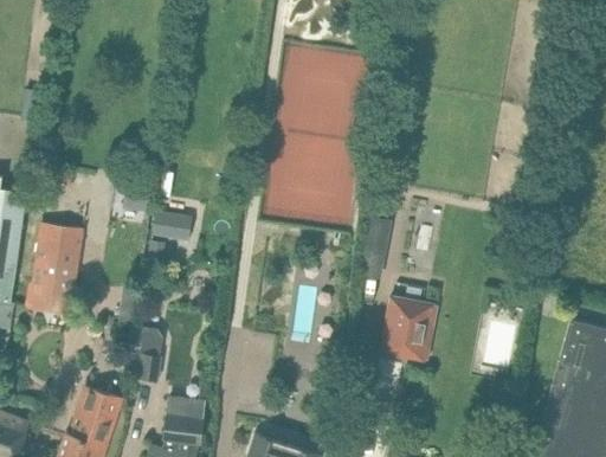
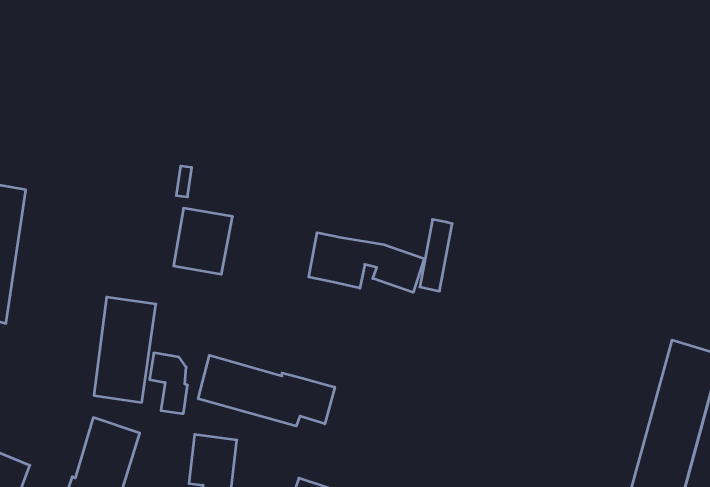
building: [31,224,83,313] -> [94,297,156,402]
building: none -> [309,233,424,292]
building: [380,297,438,362] -> none
building: none -> [198,355,335,426]

